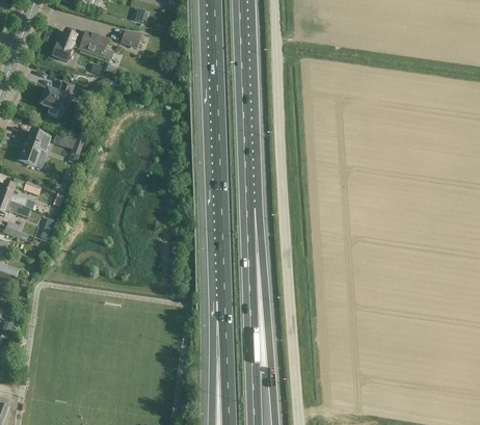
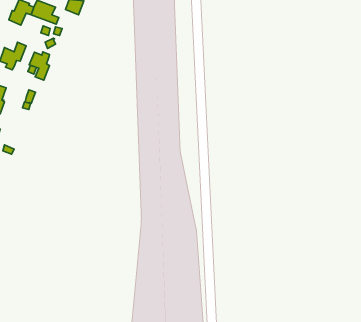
building: none -> [29,52,49,80]

